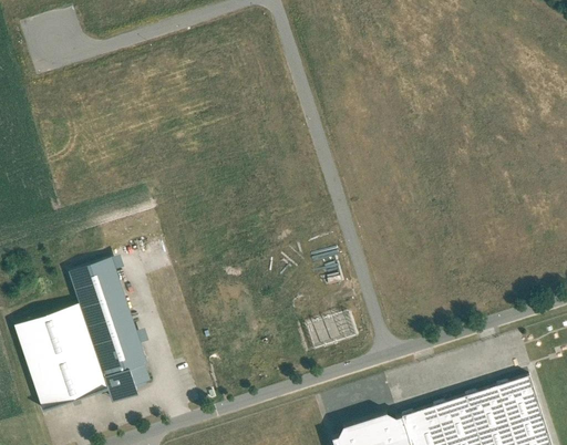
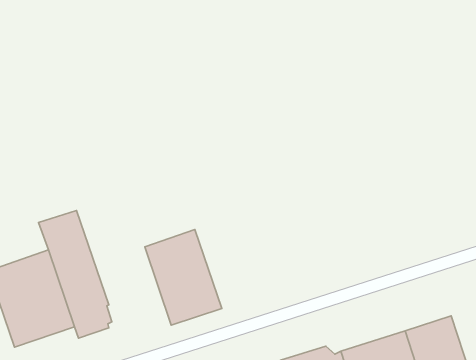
building: none -> [145,230,222,325]

